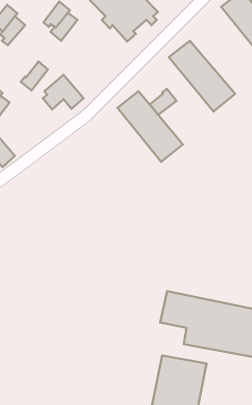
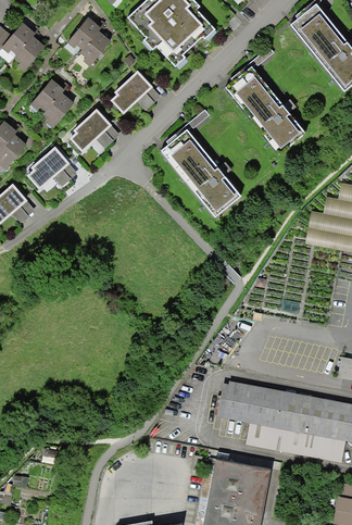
building: none -> [110,72,159,113]
building: none -> [33,79,65,112]
building: [150,89,177,115] -> none
building: none -> [26,147,75,188]

